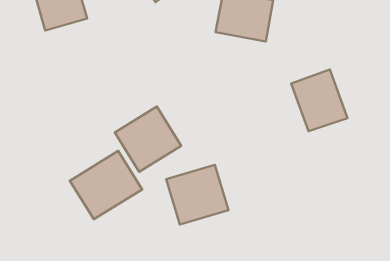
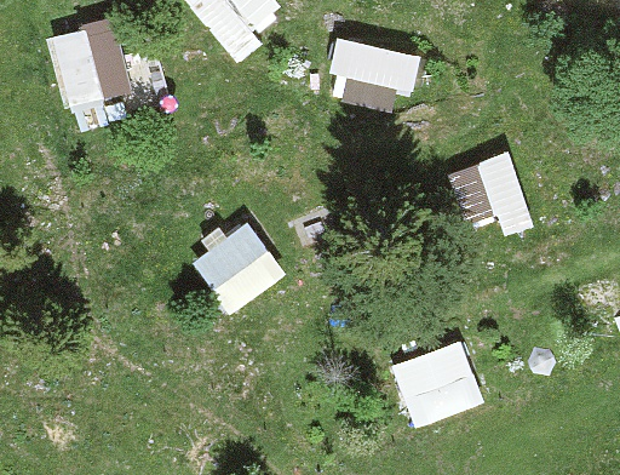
building: [70,151,142,219] -> none
building: [166,165,228,224] -> [391,338,487,430]

